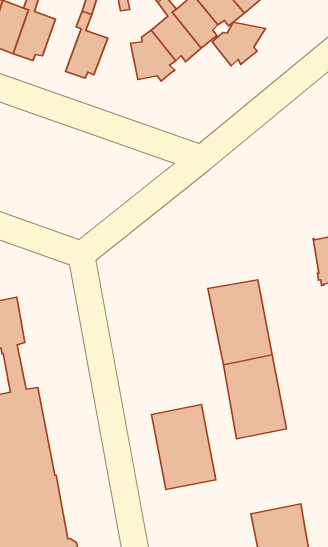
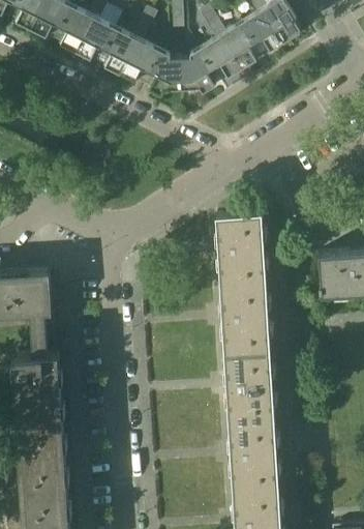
building: none -> [100,26,138,74]
building: [212,22,265,66] -> none
building: none -> [144,49,182,94]
building: none -> [216,210,266,283]
building: [152,405,216,490] -> [229,416,278,488]

